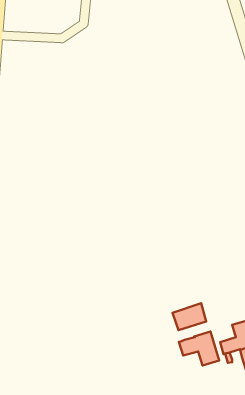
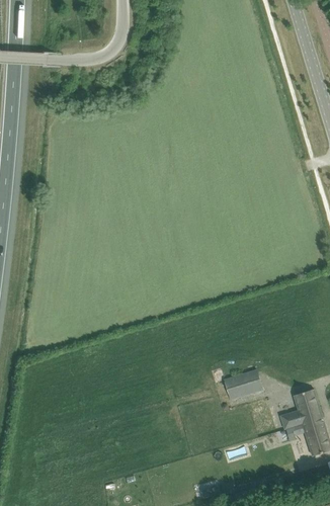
building: [179,332,219,365] -> none

